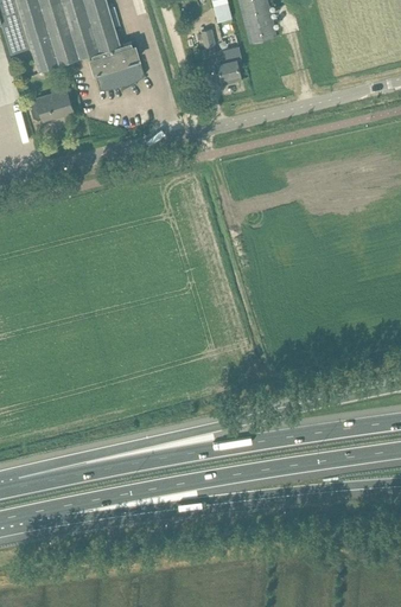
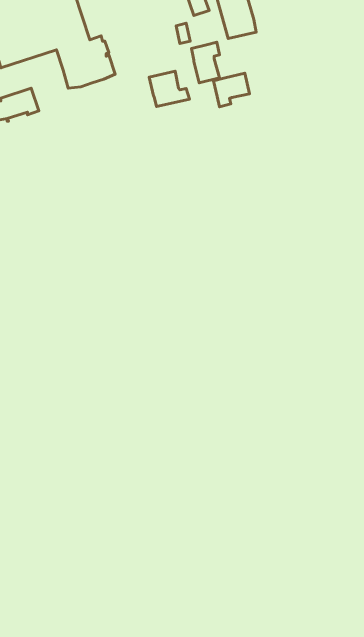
building: none -> [149,71,189,107]
building: none -> [214,73,249,107]

